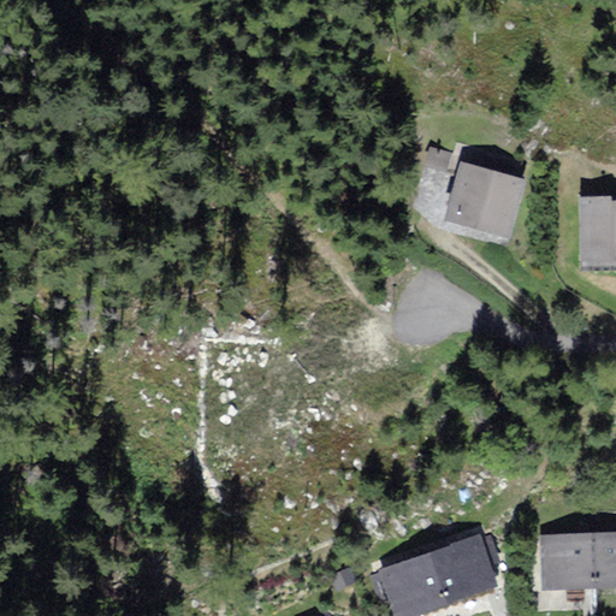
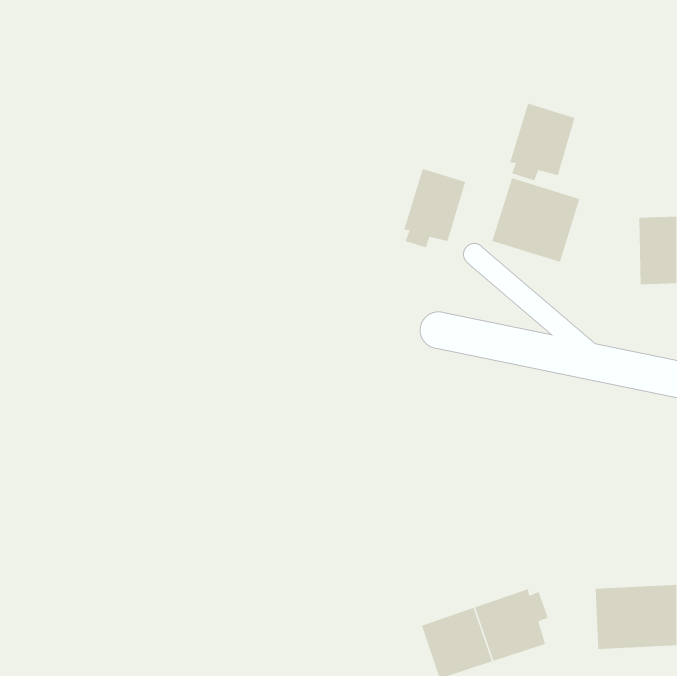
building: none -> [509,103,575,181]
building: none -> [403,168,466,248]

